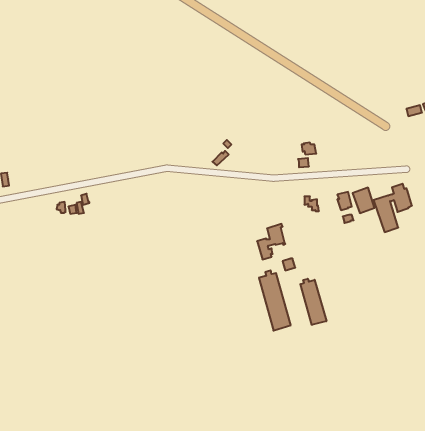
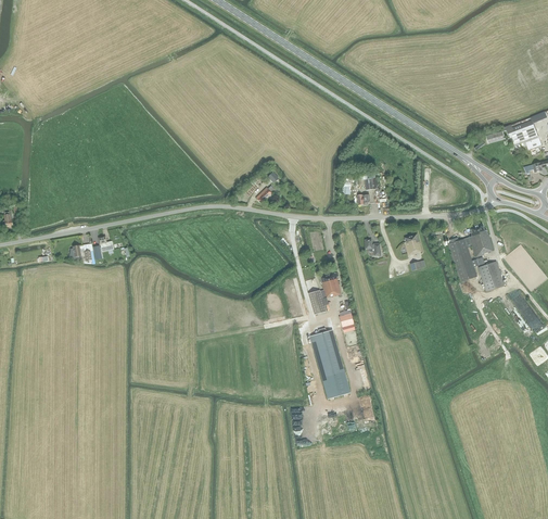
building: [353,188,374,213] -> [477,261,504,291]
building: [300,279,326,325] -> none

